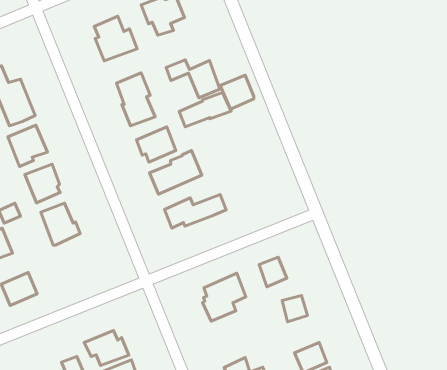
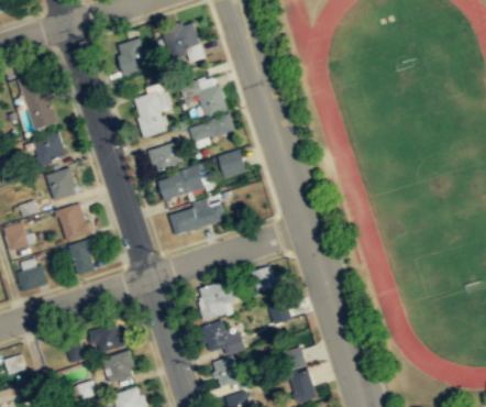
building: [220,75,254,109] -> [217,148,246,178]
building: none -> [67,238,96,276]
building: none -> [200,320,244,354]

